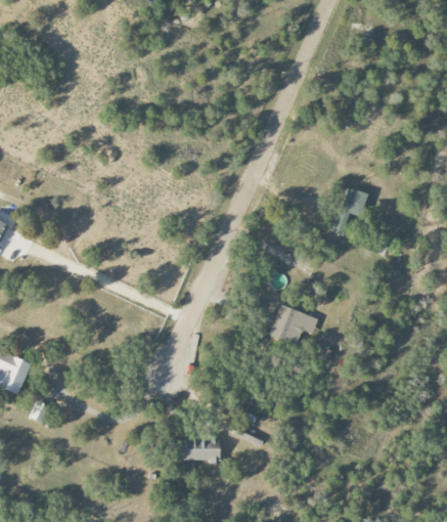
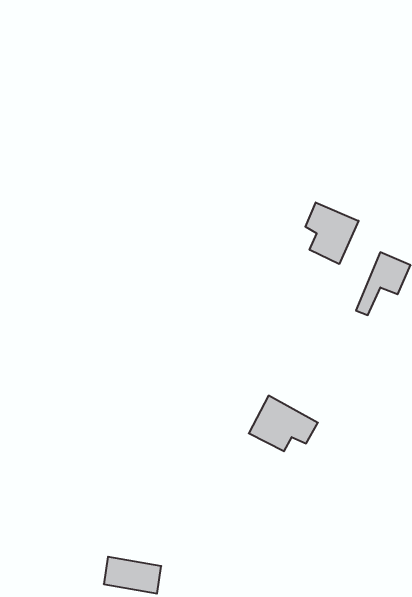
building: none -> [305,202,359,264]

